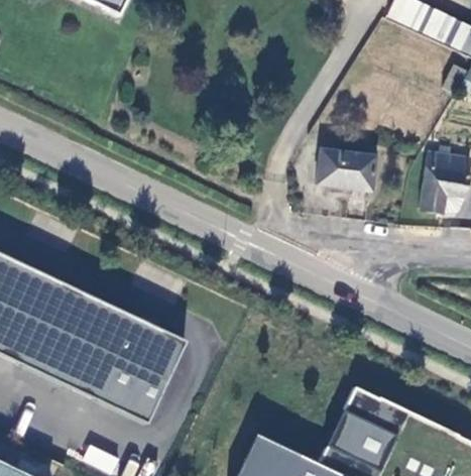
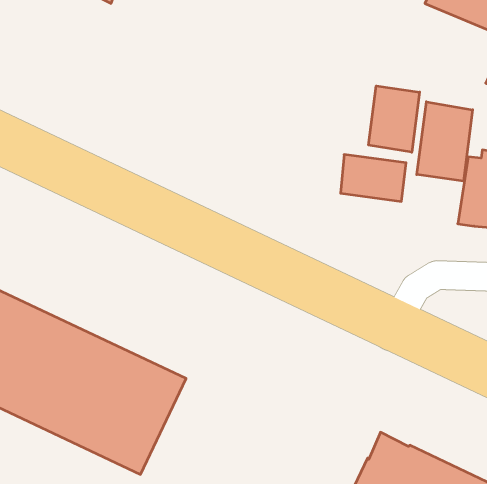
building: none -> [369,86,420,152]
building: none -> [417,102,473,181]

